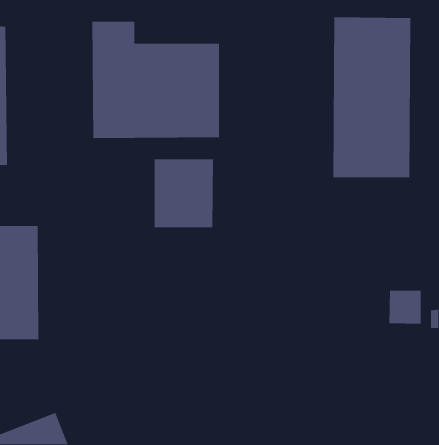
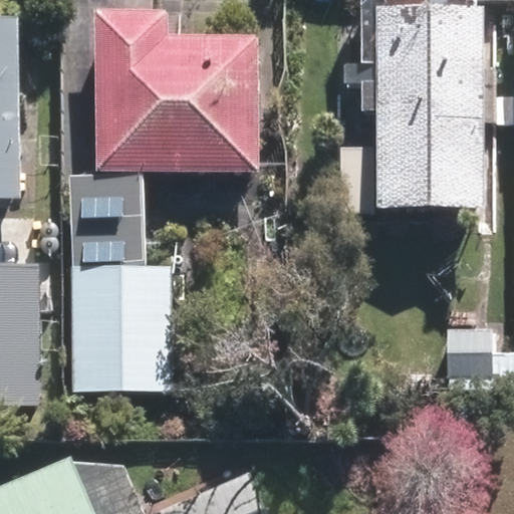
building: [154,158,214,228] -> [77,176,147,256]
building: none -> [74,276,164,388]

